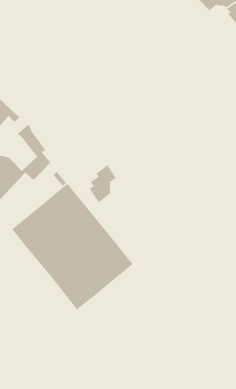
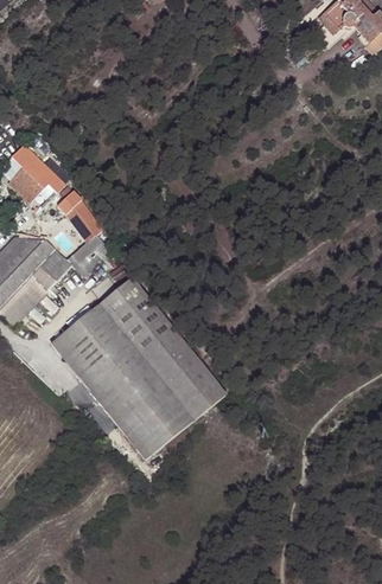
building: [89,164,117,204] -> none

